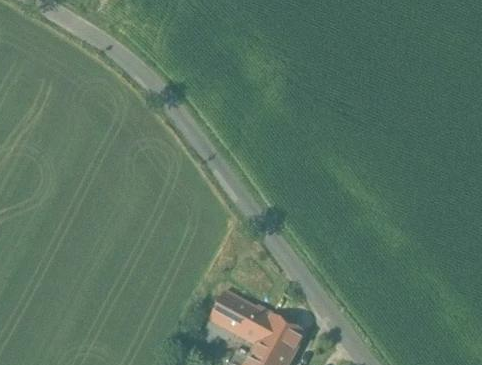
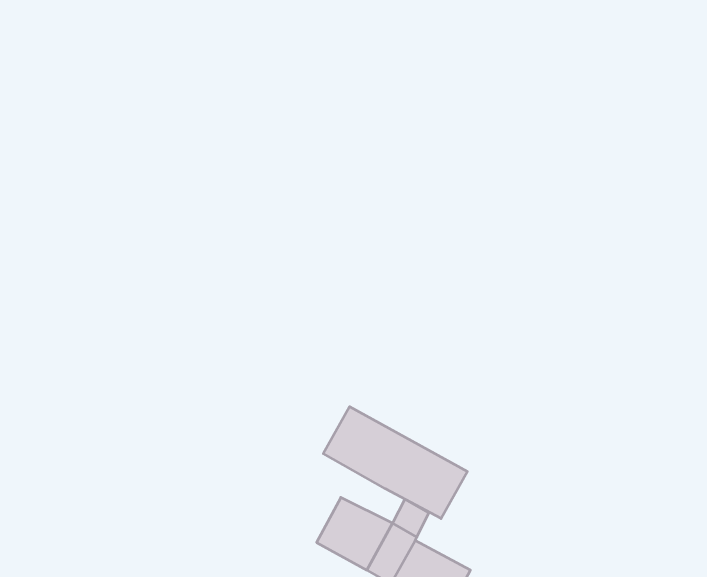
building: none -> [323,407,467,519]

